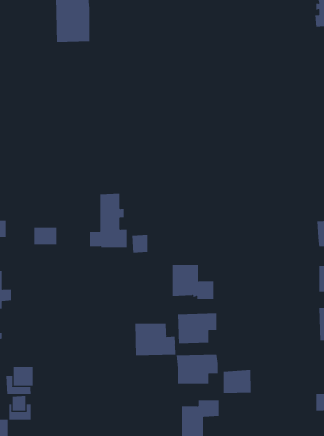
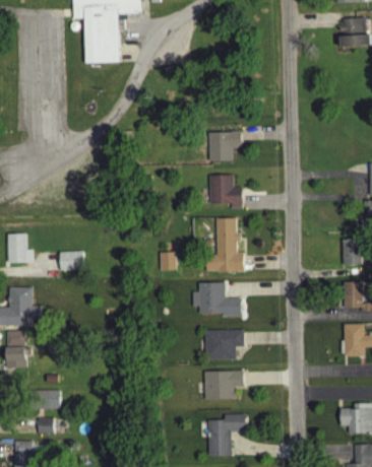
building: none -> [207,131,240,161]
building: none -> [208,175,241,204]
building: [89,193,128,248] -> [205,217,243,271]
building: [135,323,176,356] -> none
building: [223,369,251,394] -> none

